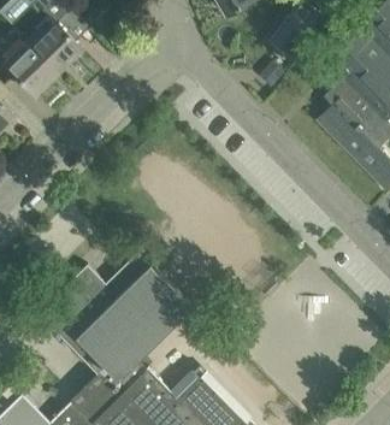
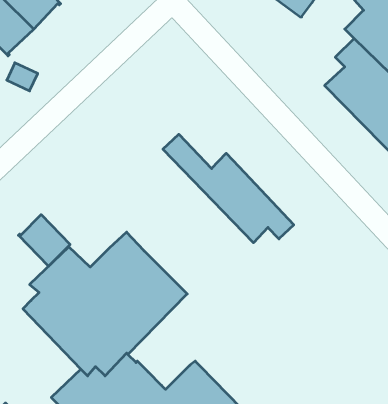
building: none -> [163,134,294,243]
building: none -> [18,215,70,266]

